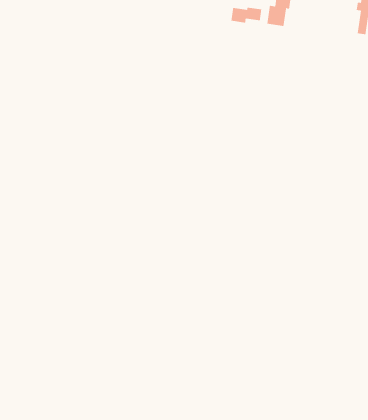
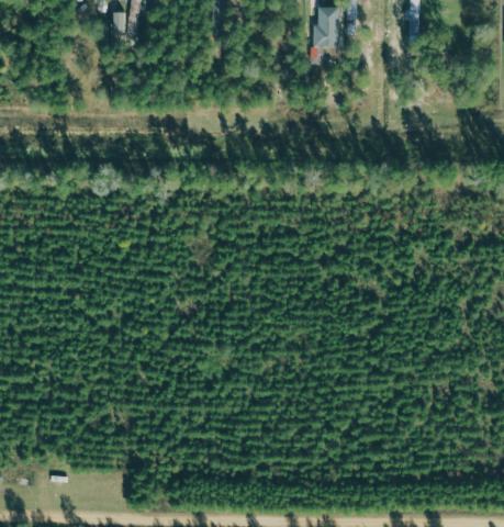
building: [231,7,262,23] -> none

